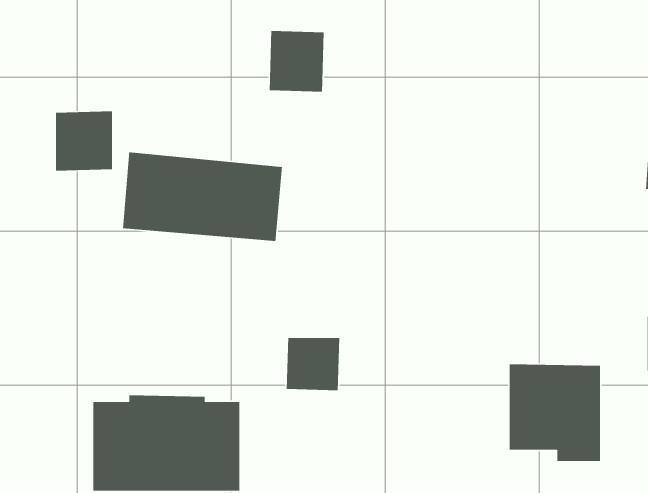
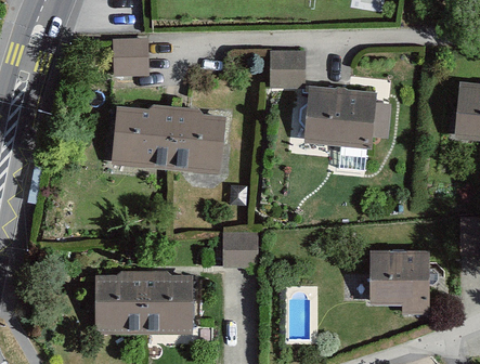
building: [269,30,324,93] -> [270,46,307,87]
building: [55,111,113,171] -> [112,36,150,76]
building: none -> [307,88,372,142]

